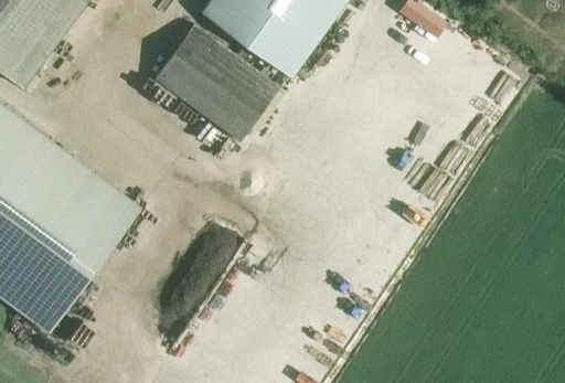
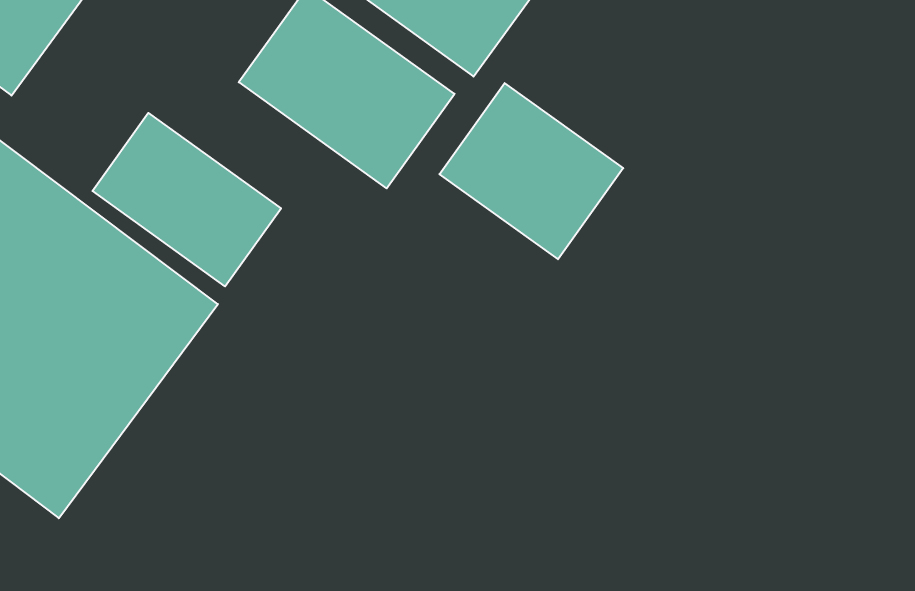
building: none -> [439,83,623,259]
building: none -> [92,113,281,286]

